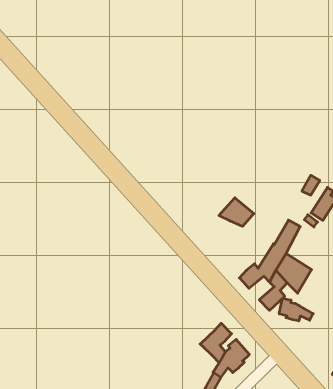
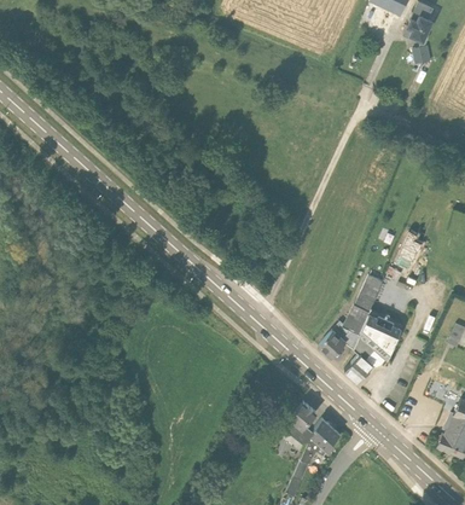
building: [219,198,254,226] -> none
building: [279,298,313,321] -> none

